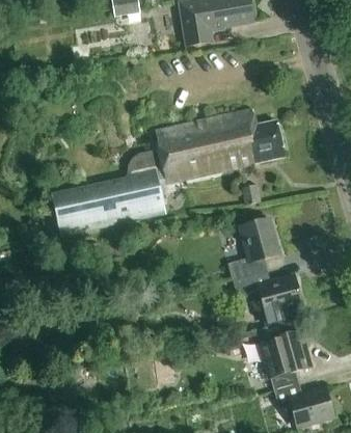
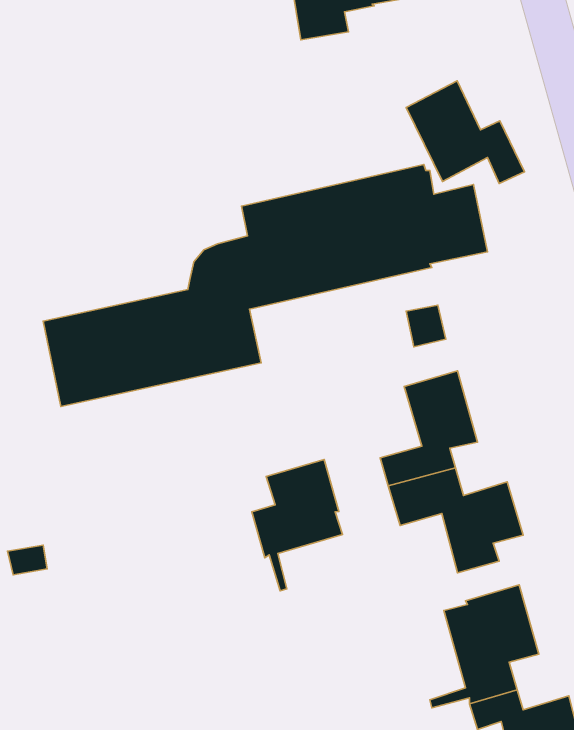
building: none -> [406,81,525,184]
building: none -> [252,460,342,591]

